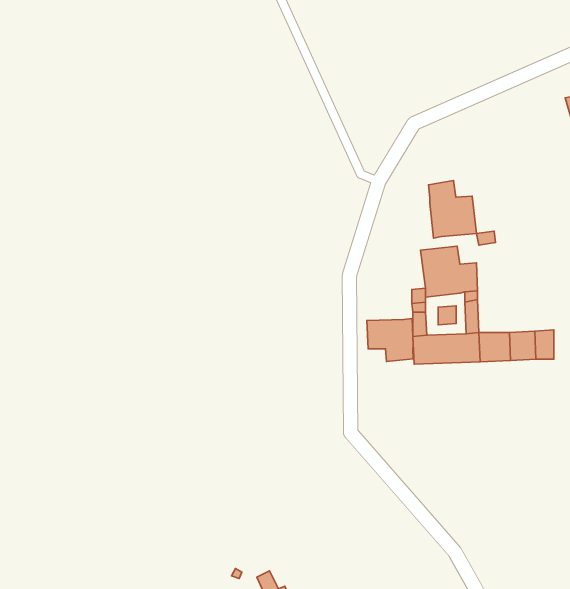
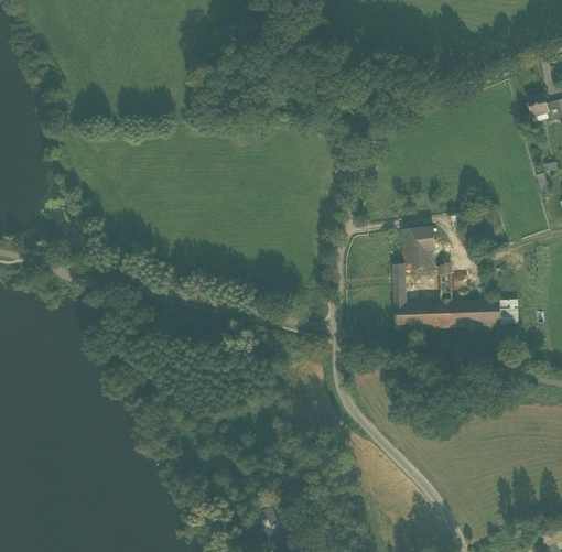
building: [428,180,476,238] -> none
building: [367,318,413,361] -> none

